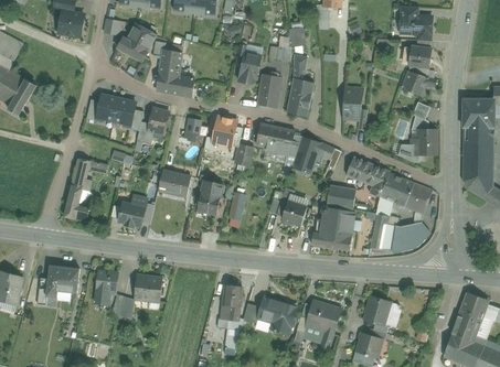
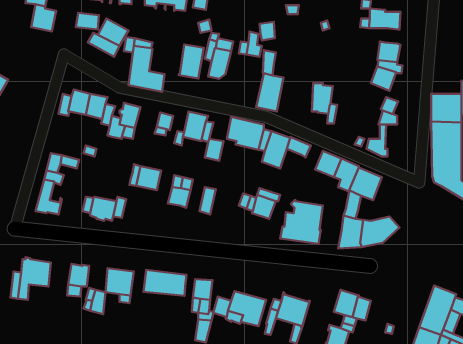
building: [256,74,281,108] -> [179,45,204,78]
building: [416,130,436,154] -> none
building: [404,183,432,213] -> none
building: [326,185,355,211] -> none
building: none -> [144,270,186,296]

